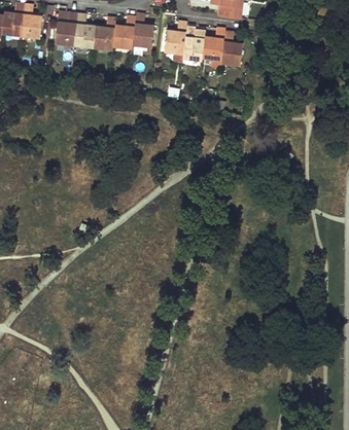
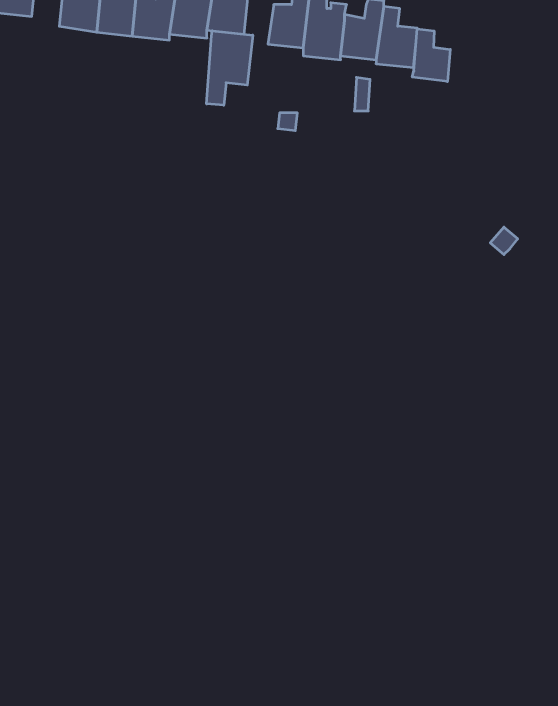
building: none -> [412,29,450,82]
building: none -> [207,31,253,105]

